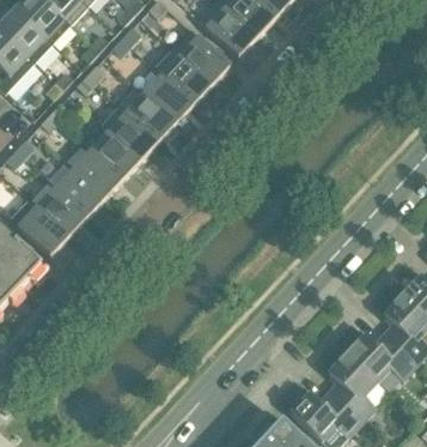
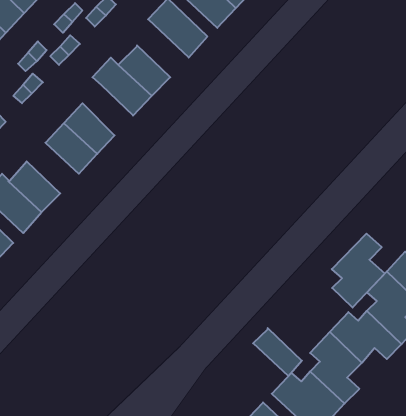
building: [153,48,211,104] -> none
building: [108,111,157,161] -> none
building: [54,168,104,217] -> none
building: none -> [332,234,385,308]
building: none -> [253,328,302,376]

